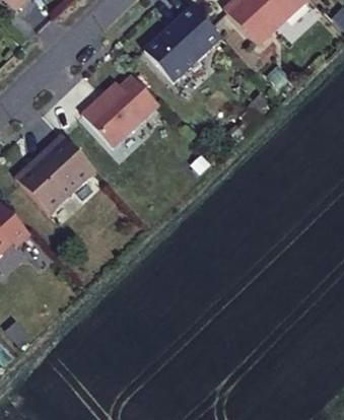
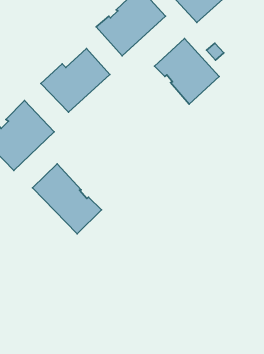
building: none -> [154,39,219,104]
building: none -> [33,164,102,234]

